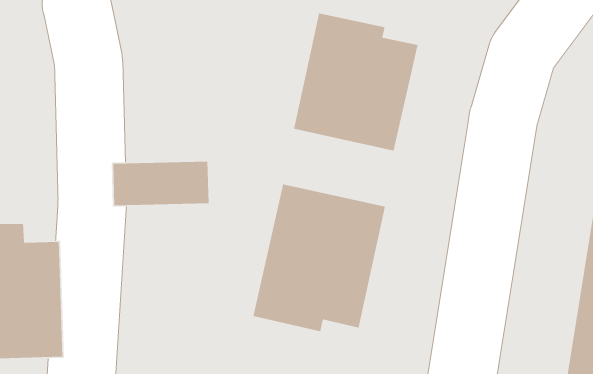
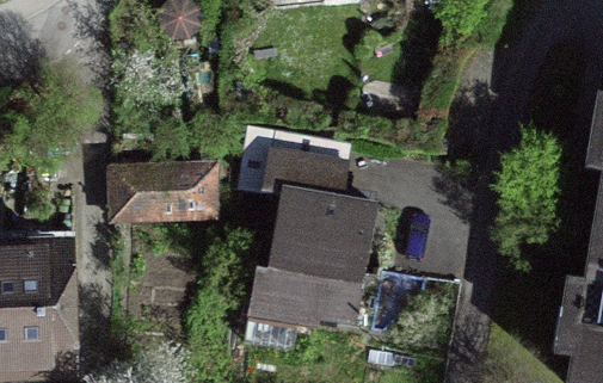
building: [293,12,418,152] -> none

